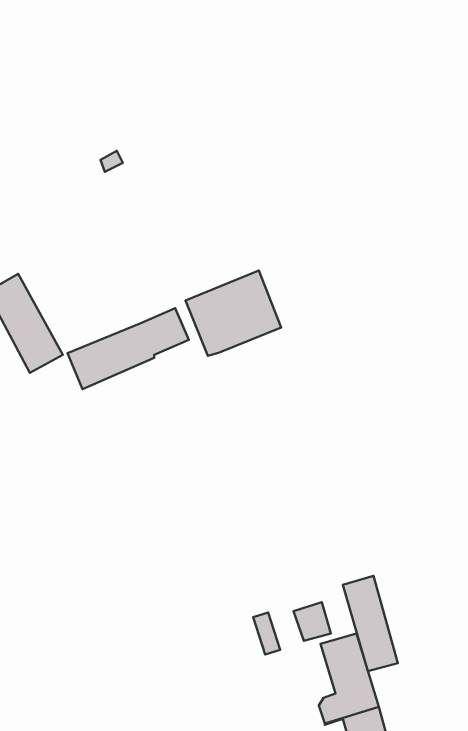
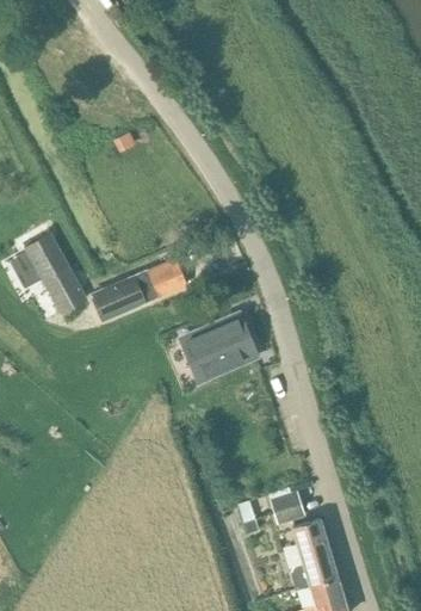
building: [185,271,281,356] -> [180,314,256,382]
building: [343,576,398,671] -> none

